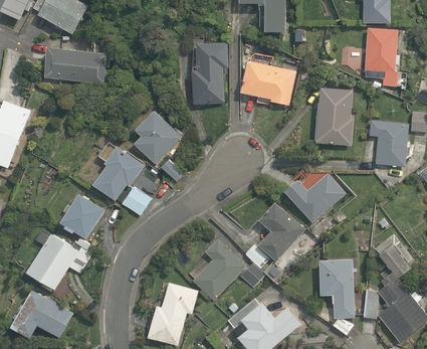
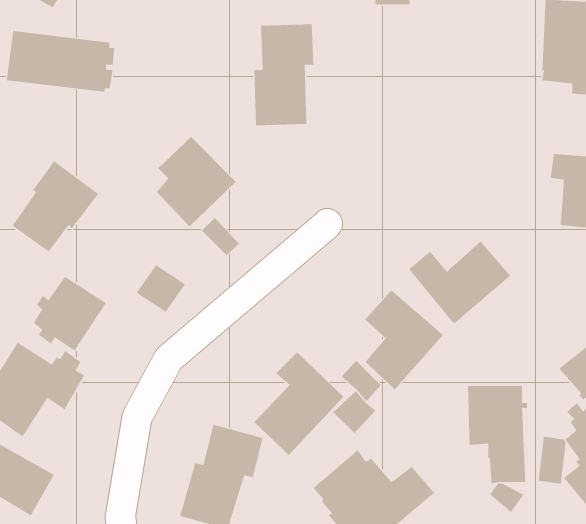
building: [240,60,296,106] -> none
building: [315,88,354,146] -> none
building: [92,146,145,201] -> [12,160,99,253]

